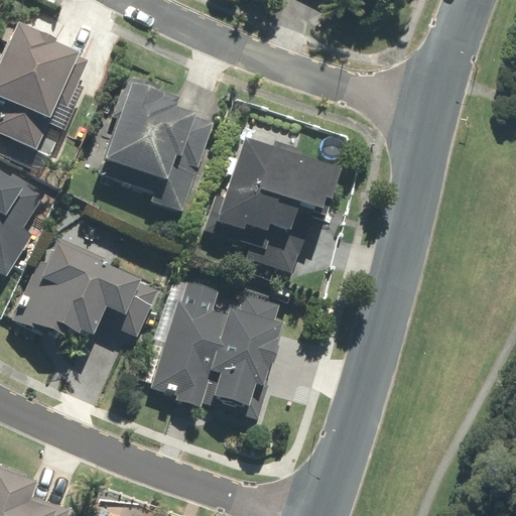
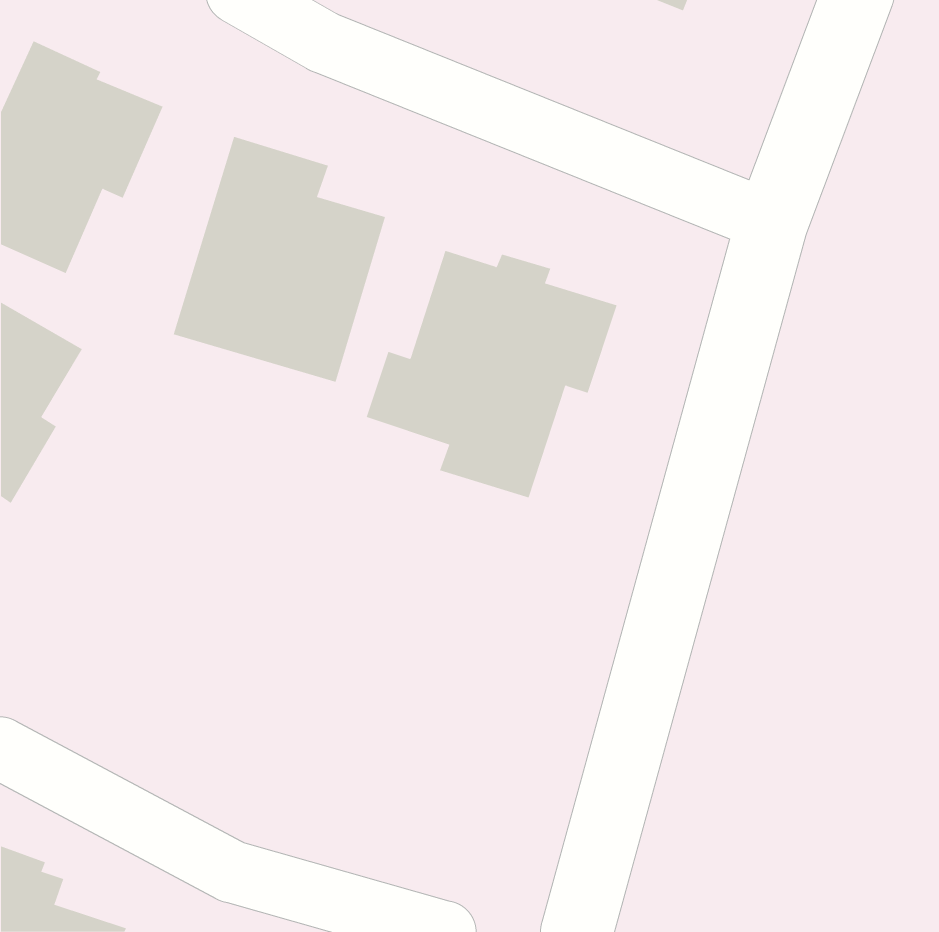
building: [12,236,158,347] -> none
building: [151,280,283,418] -> none

